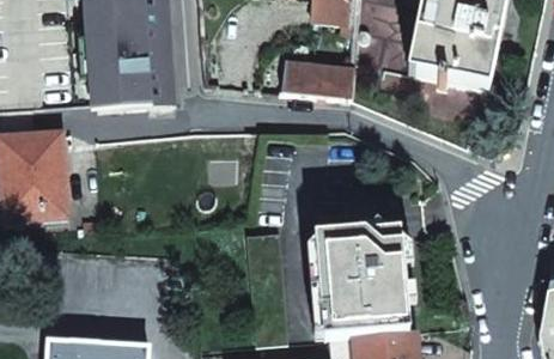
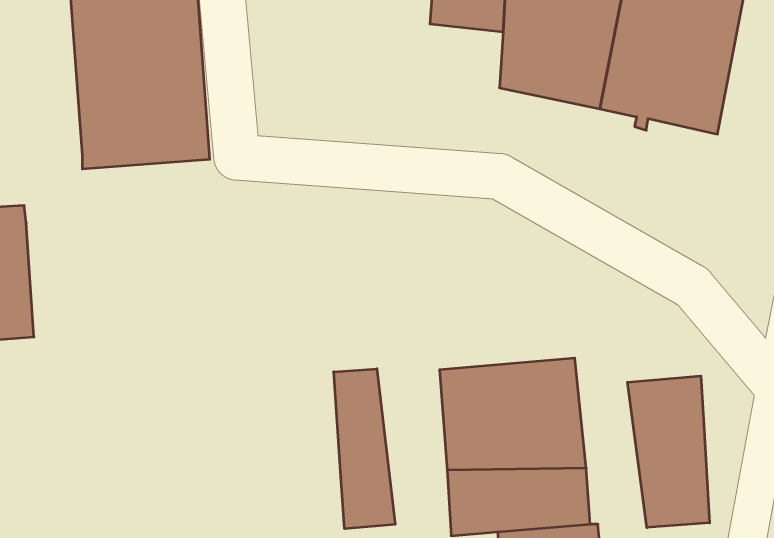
building: [281,61,353,98] -> none
building: none -> [334,369,395,529]
building: none -> [627,376,710,528]

